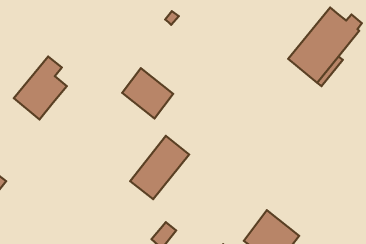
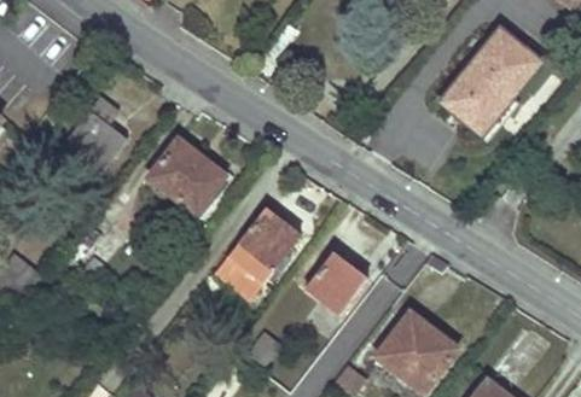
building: [122,68,173,118] -> [150,141,222,212]
building: none -> [307,253,366,313]

